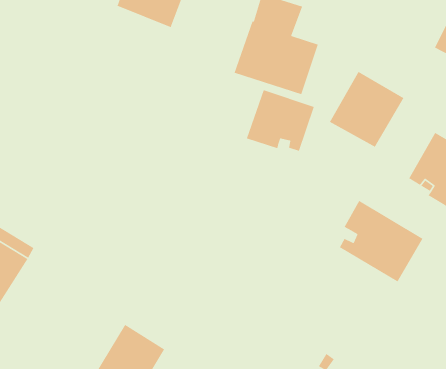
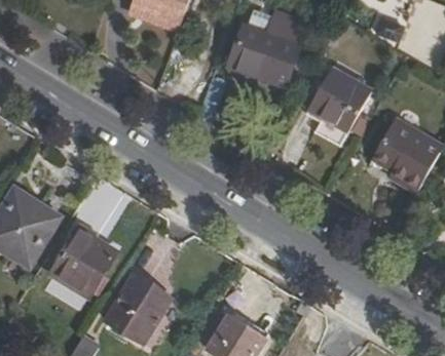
building: [246,89,315,152] -> none
building: [339,200,424,283] -> none
building: none -> [49,227,115,299]

